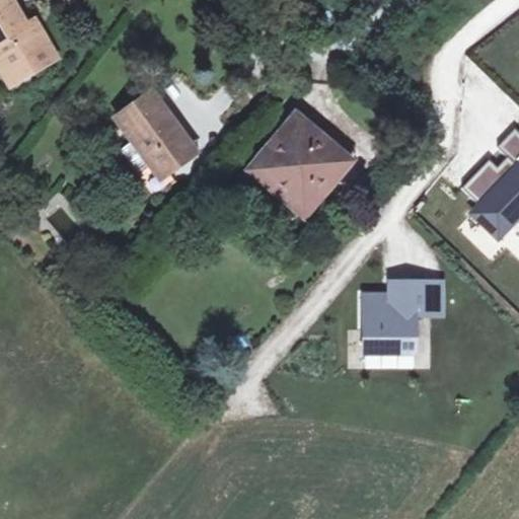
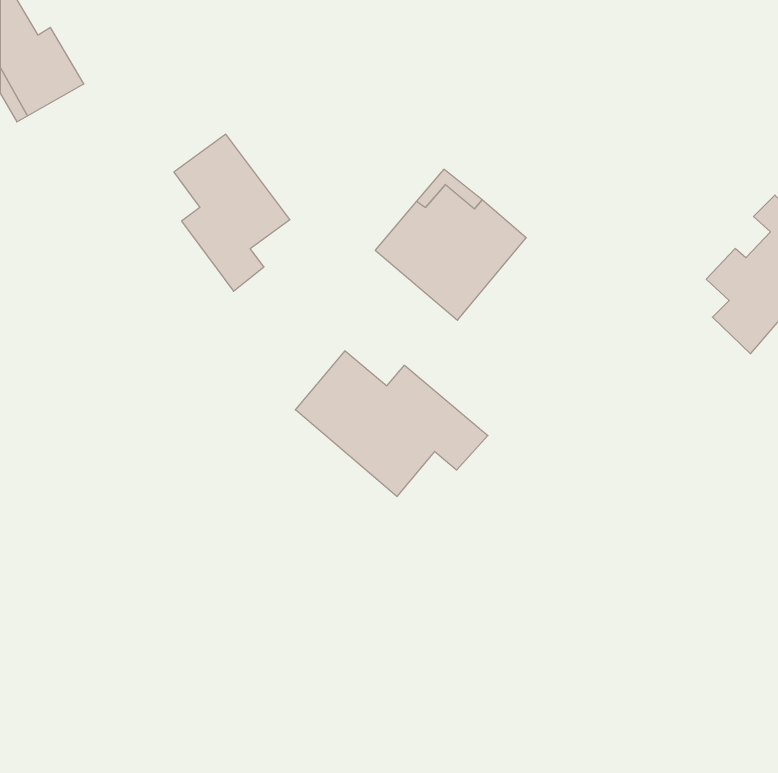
building: none -> [295,351,488,497]
building: [363,280,443,353] -> none

